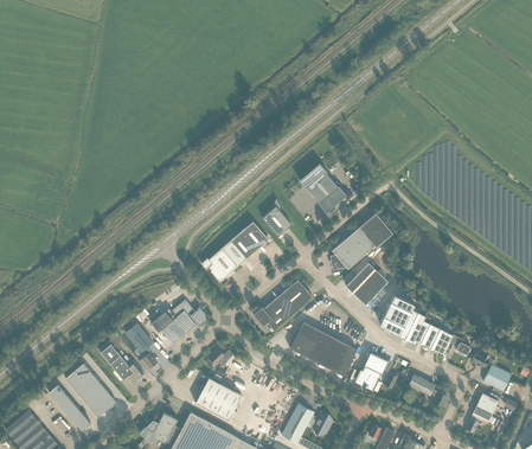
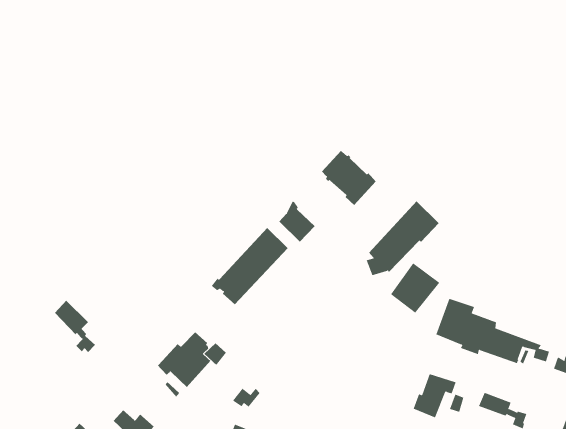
building: [254,280,313,331] -> none
building: [289,322,357,377] -> none
building: [126,323,156,368] -> [54,300,96,353]

